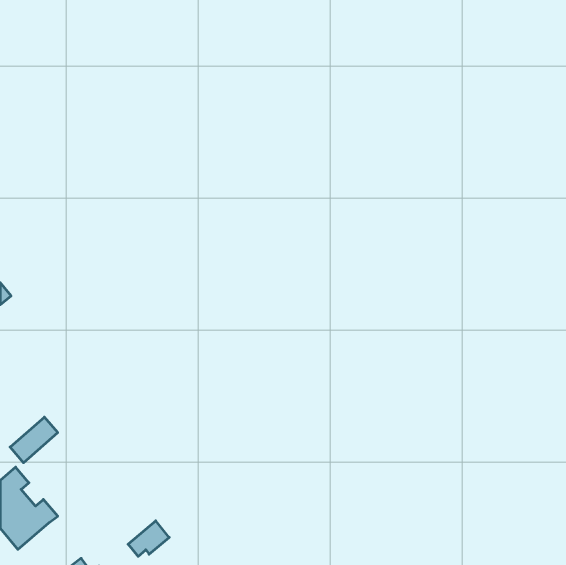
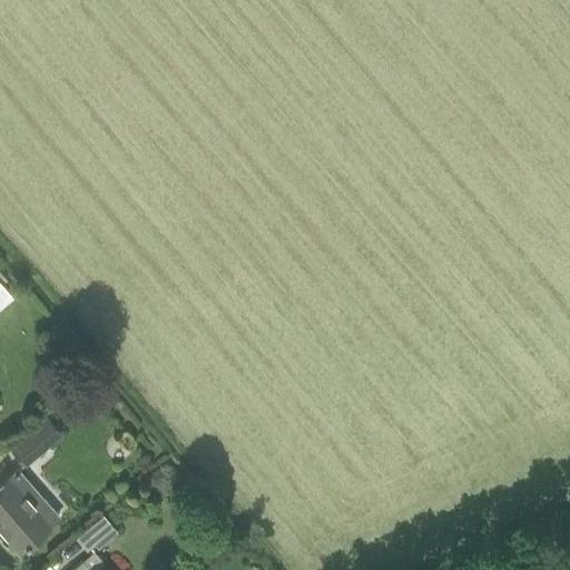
building: [128,521,169,556] -> [77,518,118,553]

